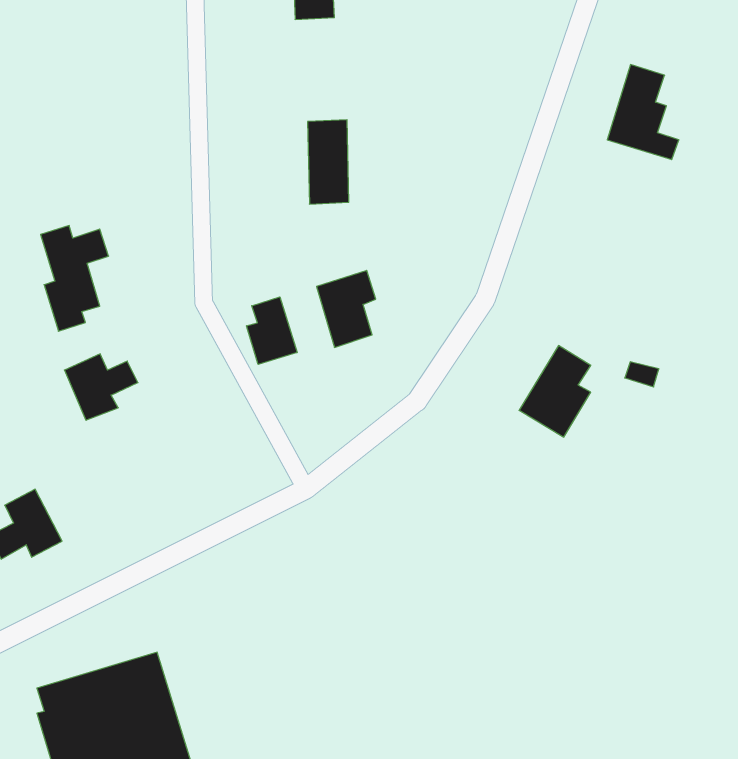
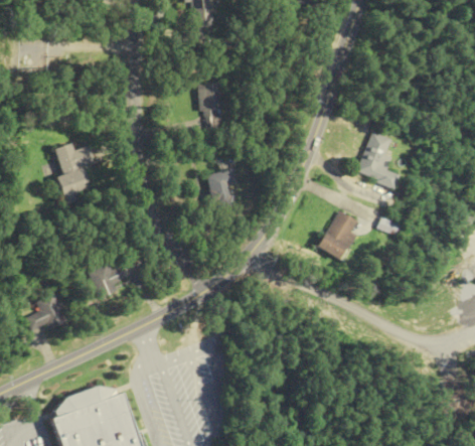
building: [607,65,679,160] -> [361,133,402,186]
building: [247,297,297,364] -> none
building: [64,354,138,420] -> [83,260,124,297]

